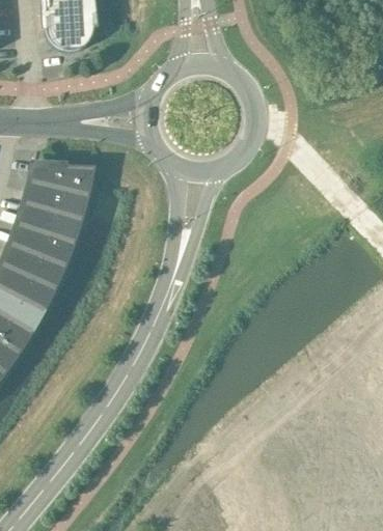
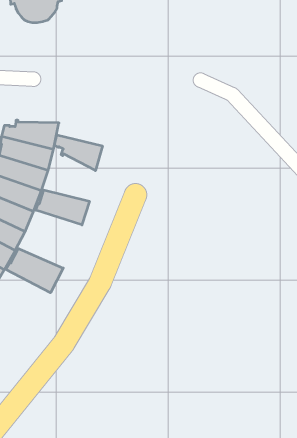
building: none -> [54,135,102,171]
building: none -> [36,190,89,225]
building: none -> [6,248,63,293]

